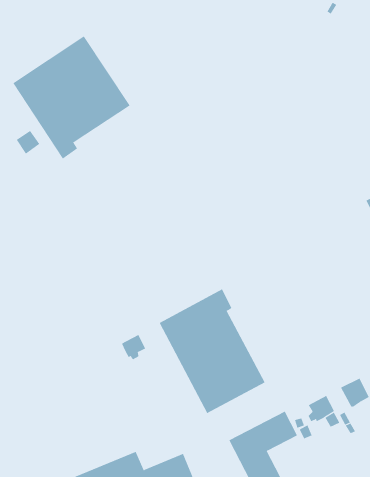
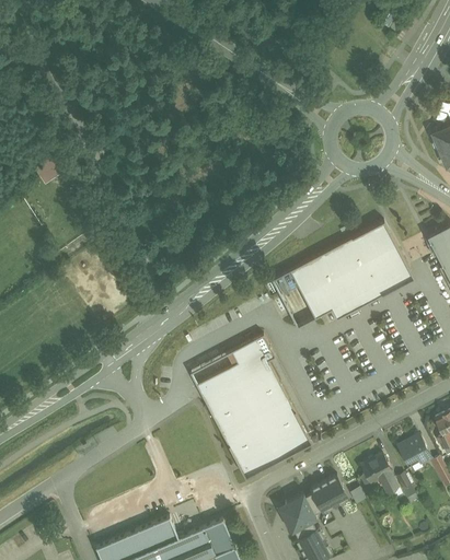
building: [13,36,130,159] -> none
building: none -> [274,221,415,328]
building: [121,334,146,360] -> none

